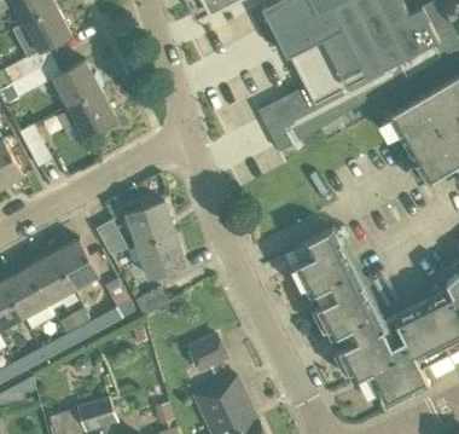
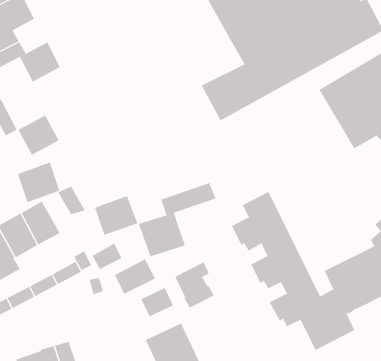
building: [68,89,115,135] -> [18,115,60,156]
building: [126,201,174,247] -> [17,162,60,203]
building: none -> [138,182,216,257]
building: none -> [114,259,156,295]
building: none -> [175,261,214,308]

